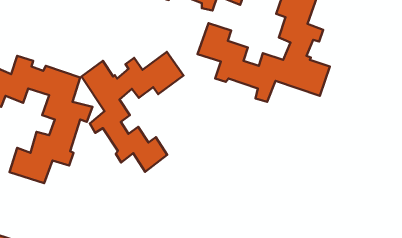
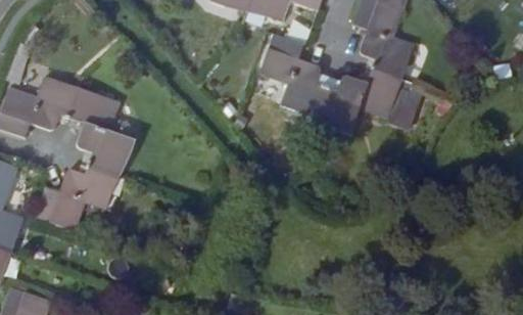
building: [82,52,184,172] -> none

